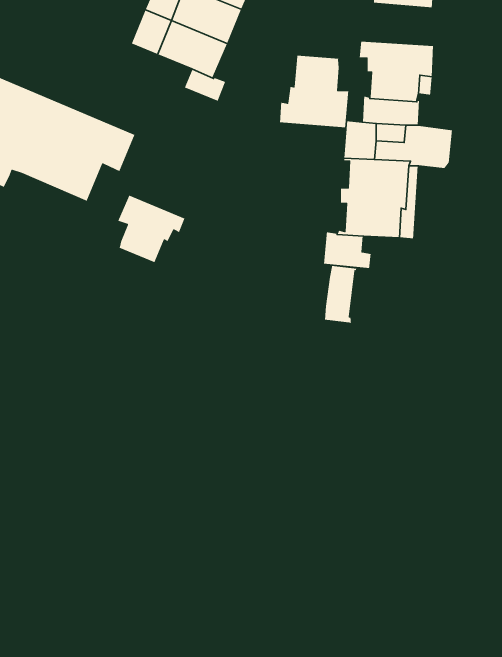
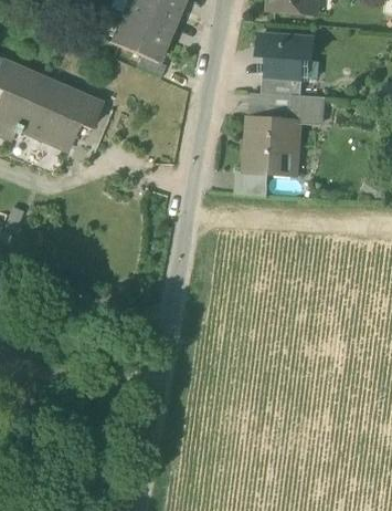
building: [279,55,349,128] -> none
building: [117,194,185,263] -> none
building: [324,265,357,323] -> none

